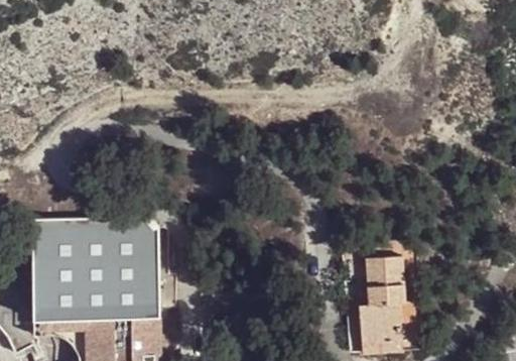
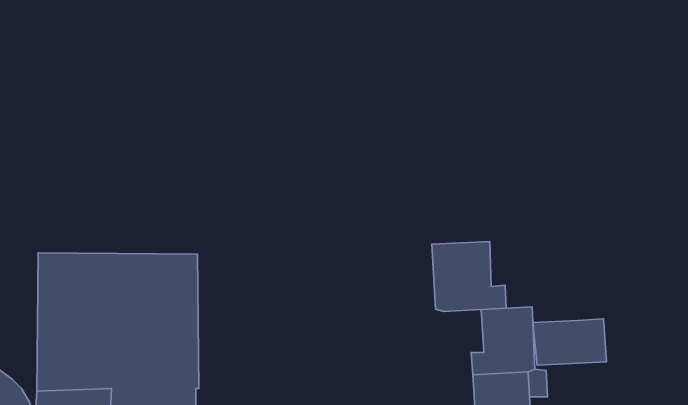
building: none -> [432,241,506,311]
building: none -> [533,319,606,365]

